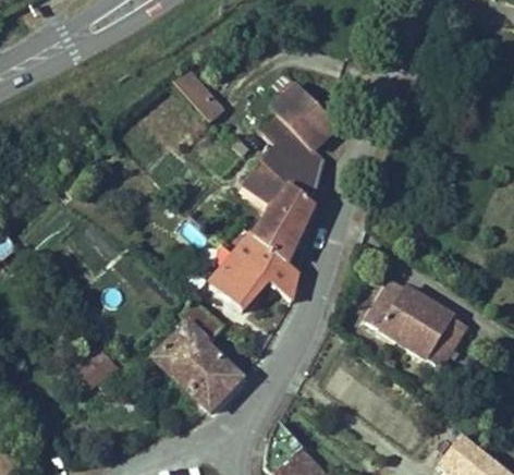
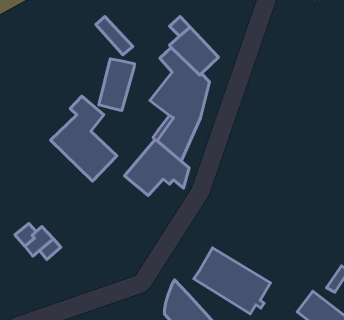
building: none -> [99,59,135,111]
building: [365,278,467,366] -> [194,248,271,314]
building: [154,299,242,412] -> [51,96,117,181]

